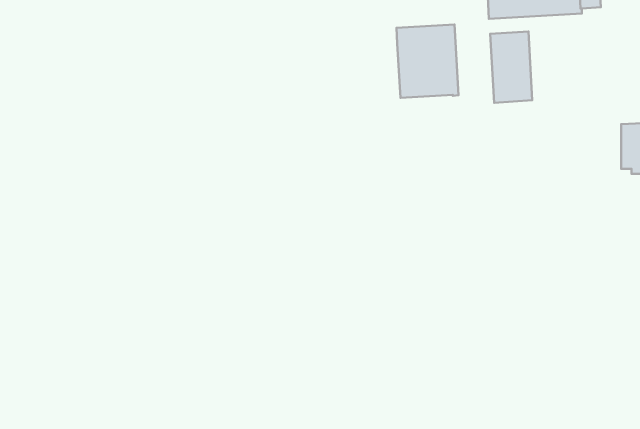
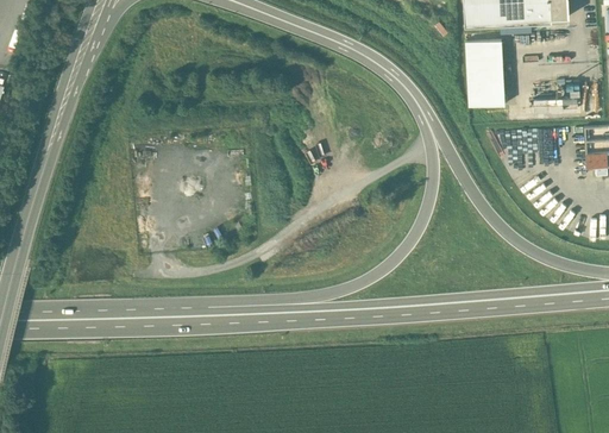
building: [397,24,459,98] -> none

